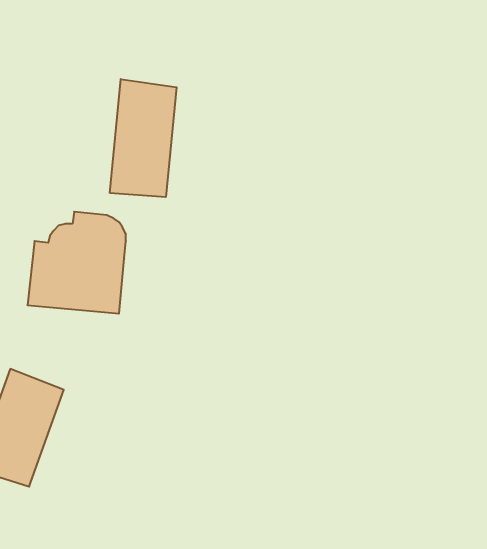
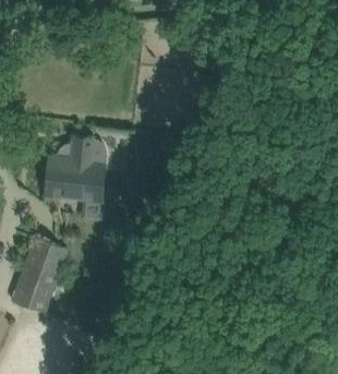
building: [110,79,177,197] -> none

